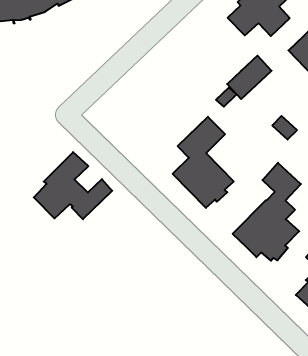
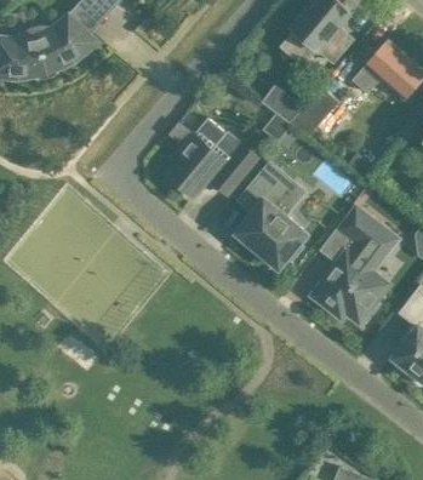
building: none -> [259,84,302,122]
building: [34,152,112,219] -> [166,118,256,196]

